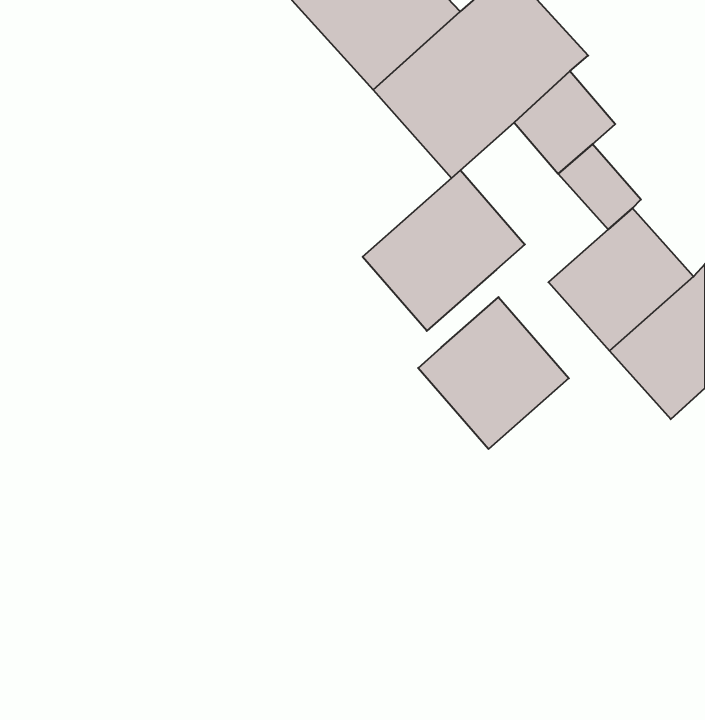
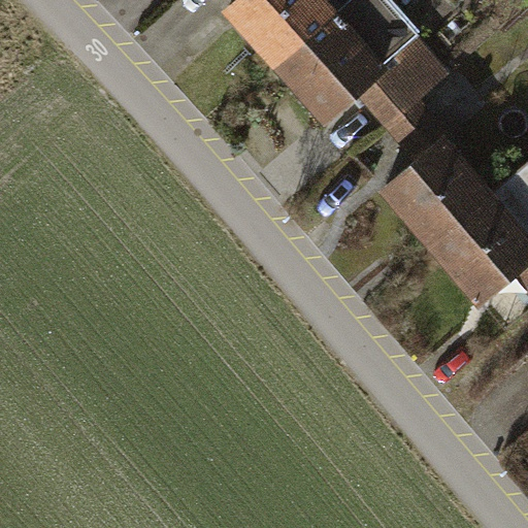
building: [363,170,525,331] -> none
building: [418,297,569,449] -> none

